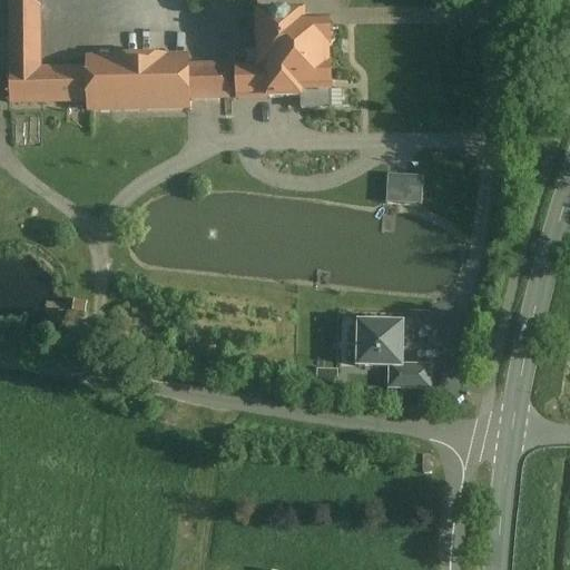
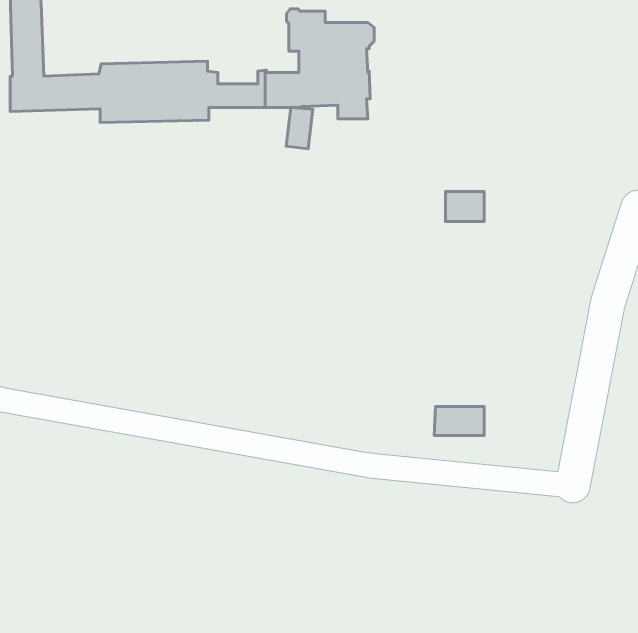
building: none -> [286,108,313,149]
building: [356,318,403,366] -> none

